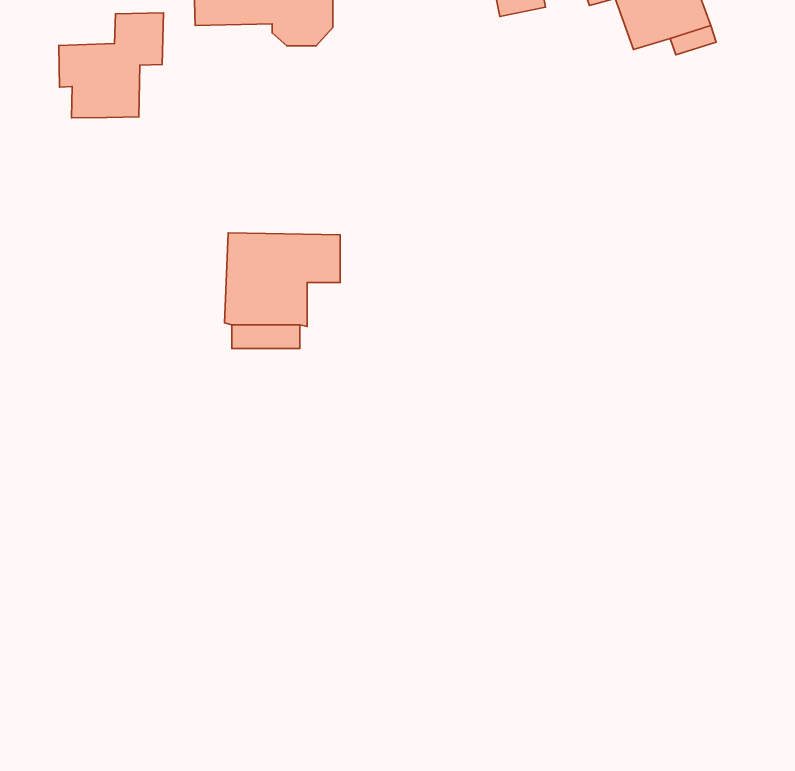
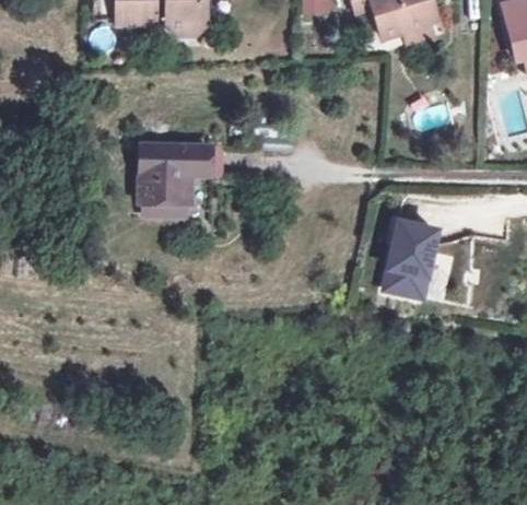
building: [59,13,163,118] -> none
building: none -> [379,218,437,300]

